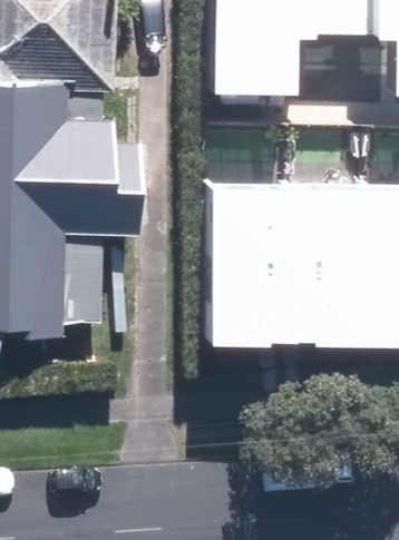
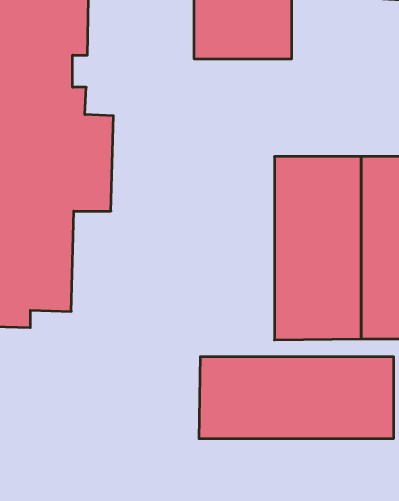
building: [212,183,285,347] -> none
building: none -> [199,357,393,439]

